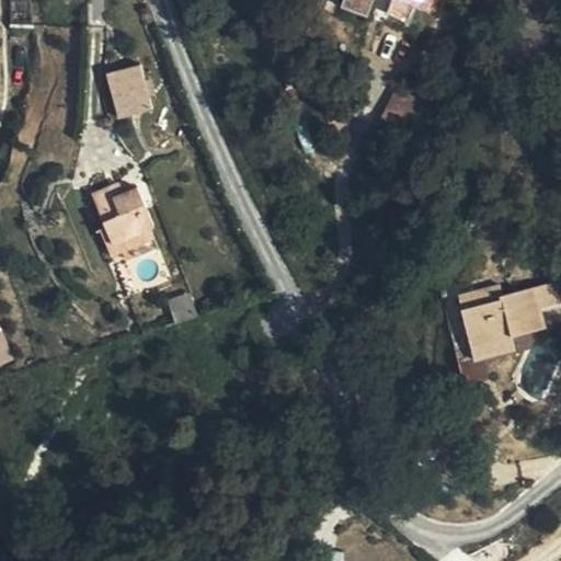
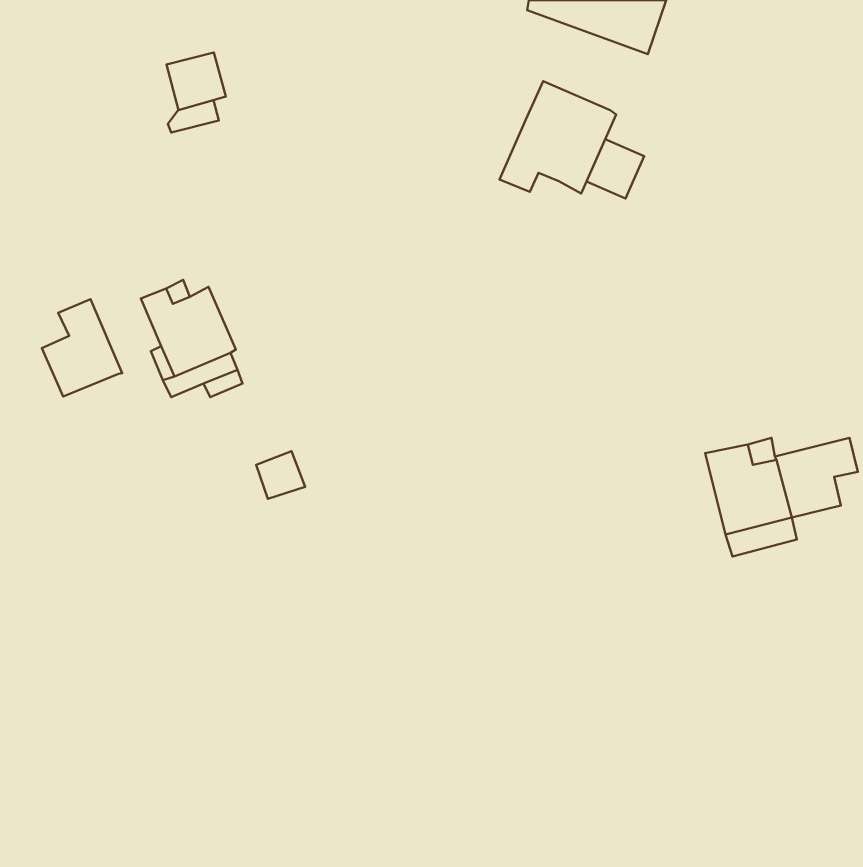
building: none -> [499,81,616,194]
building: [111,78,149,115] -> [167,52,226,110]
building: none -> [42,299,122,397]

